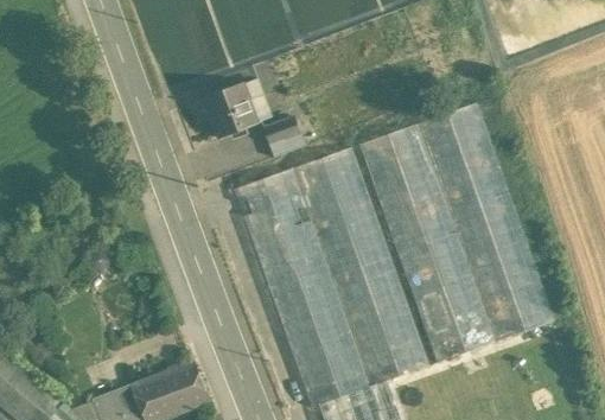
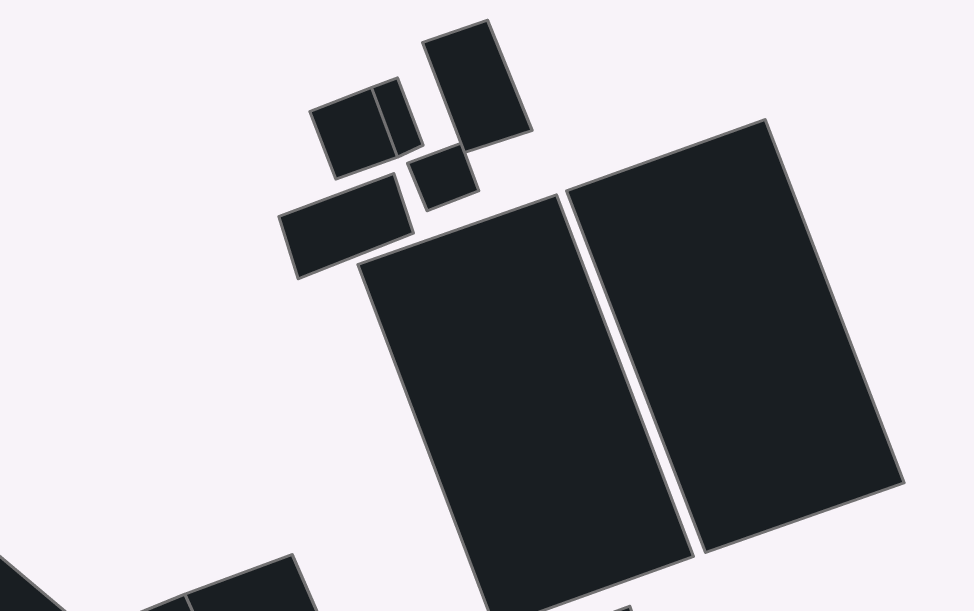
building: none -> [422,20,532,152]
building: none -> [279,173,413,279]

